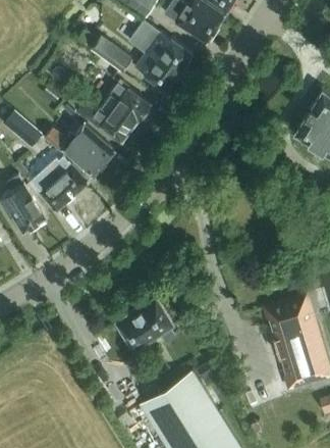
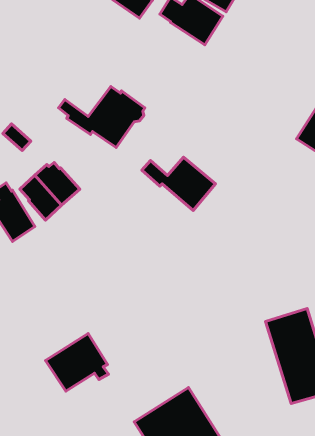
building: [136,28,194,92] -> none
building: [92,36,132,72] -> none
building: [45,126,115,177] -> [142,157,215,211]
building: [115,298,175,353] -> [46,334,109,391]

